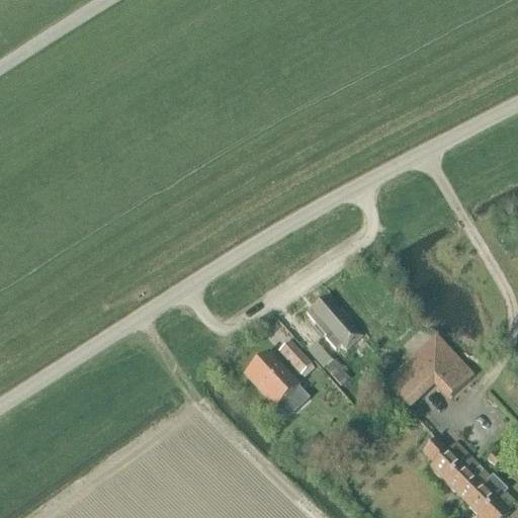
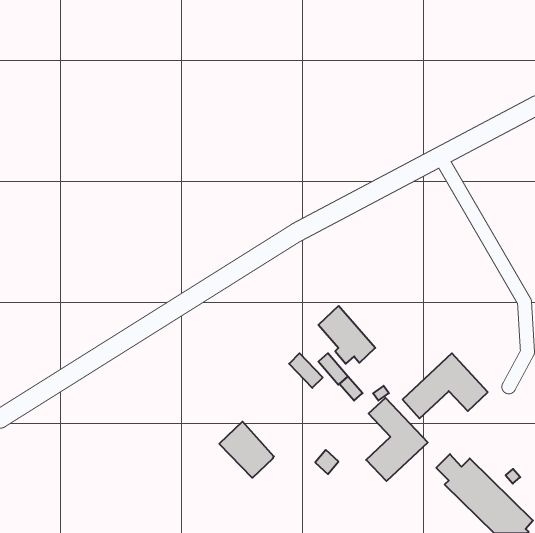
building: [247,351,299,405] -> [219,422,274,477]
building: none -> [366,398,428,481]

